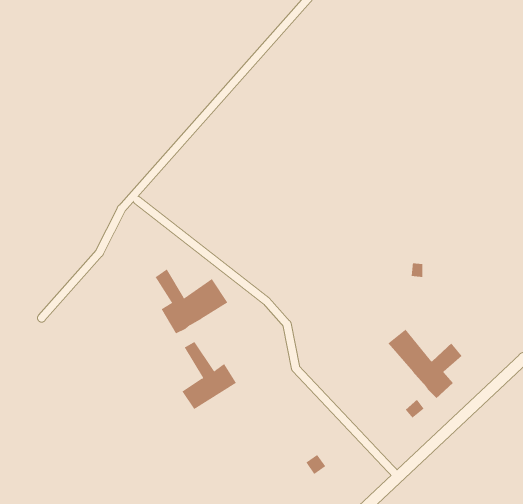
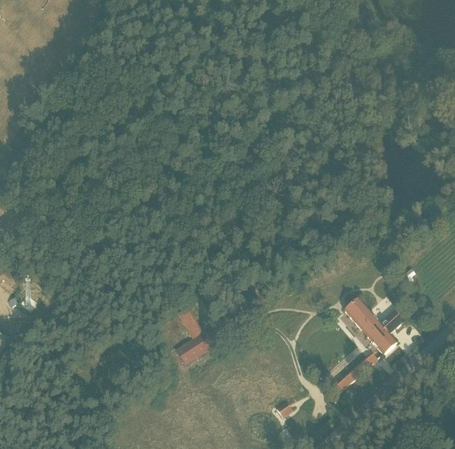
building: [155,269,228,334] -> none

